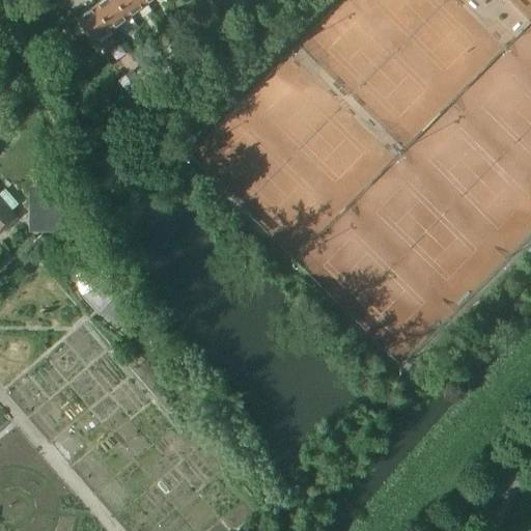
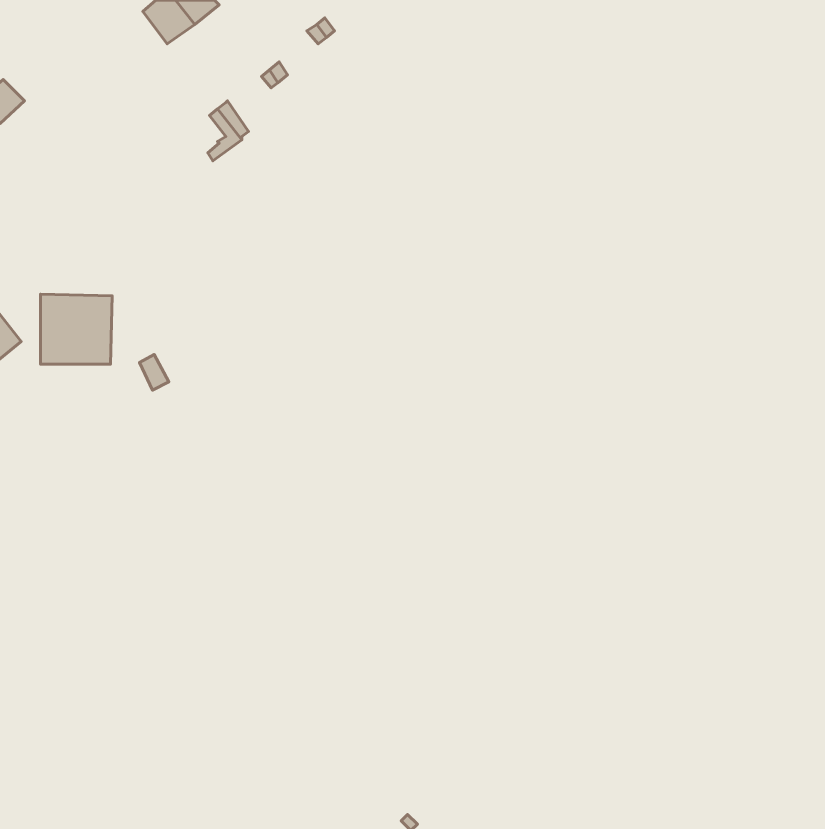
building: [75,8,107,41] -> none

